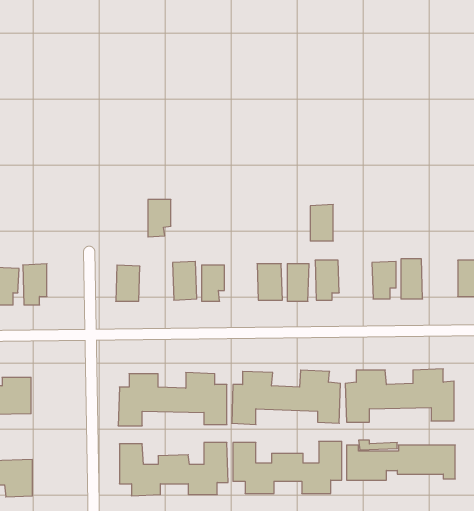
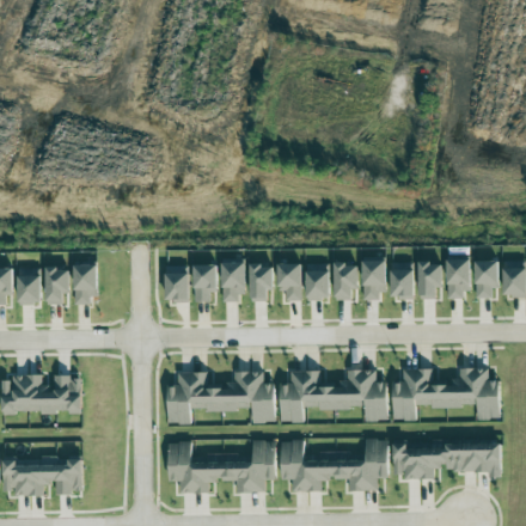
building: [148,200,171,237] -> [194,265,216,302]
building: [310,205,333,241] -> [391,262,414,298]
building: none -> [475,261,499,299]
building: none -> [277,263,301,301]

